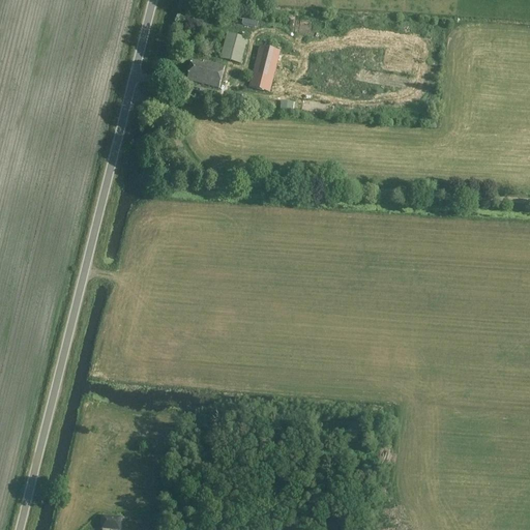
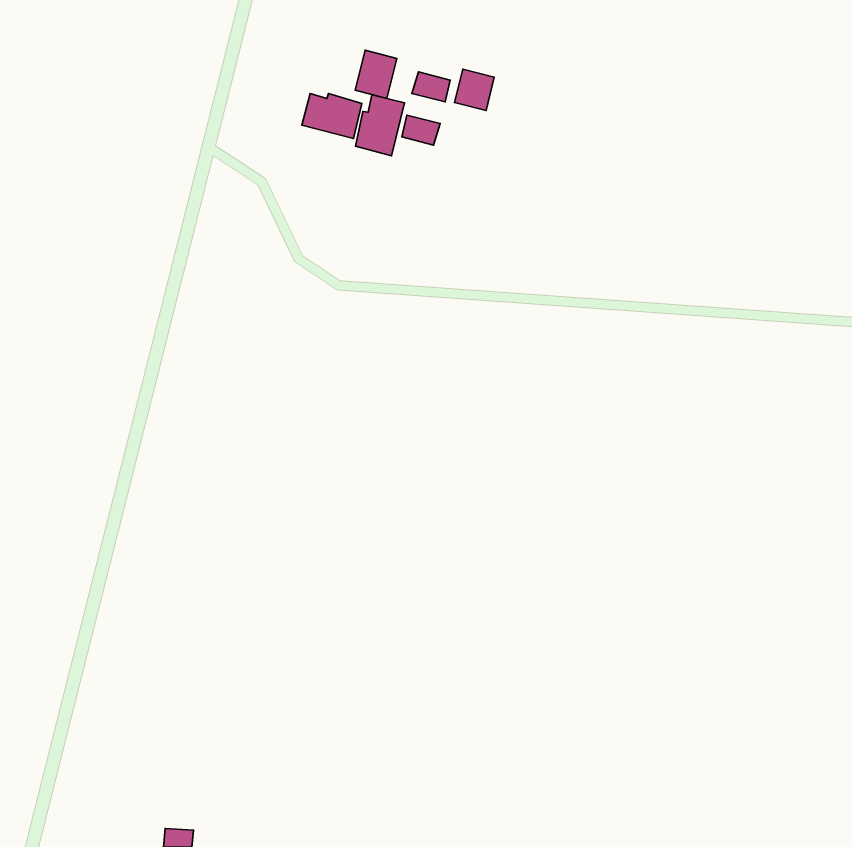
building: none -> [455,69,494,110]
building: none -> [355,95,405,156]

